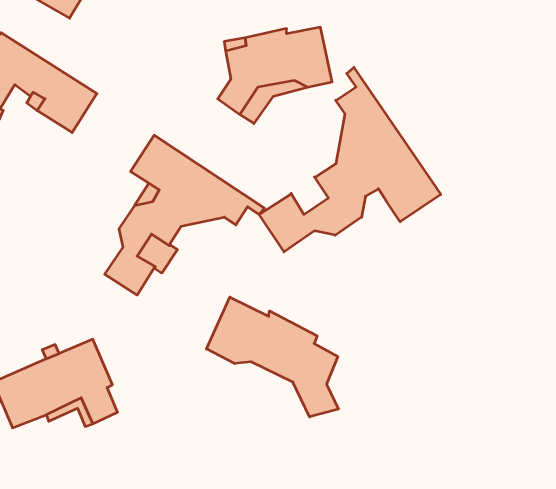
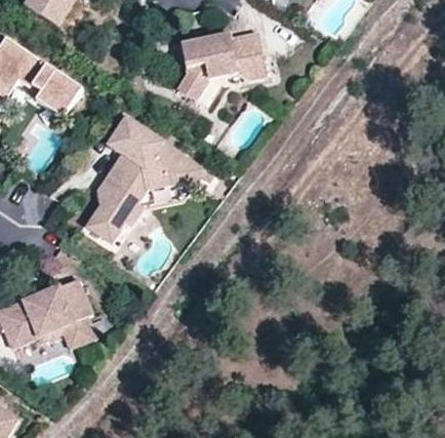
building: [259,67,441,252] -> none
building: [206,297,338,417] -> none

